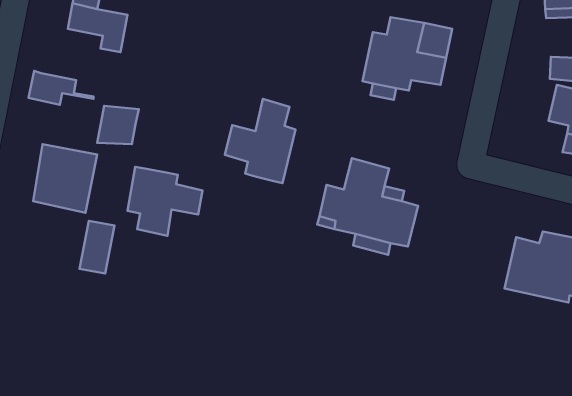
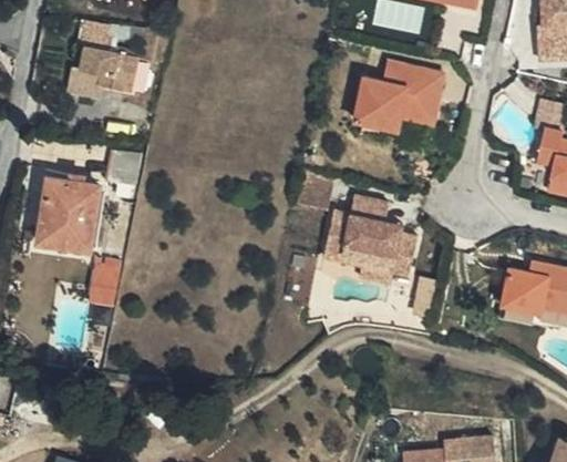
building: [28,71,94,105] -> [68,68,130,100]
building: [225,99,296,183] -> none
building: [127,167,202,236] -> none

